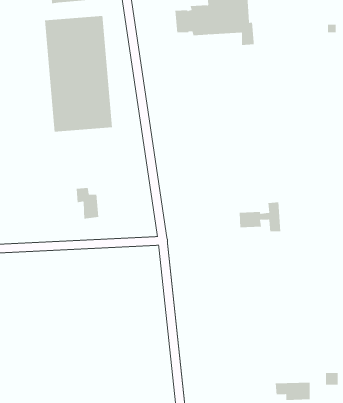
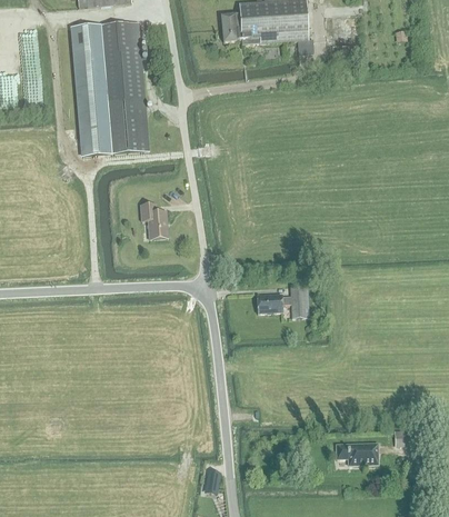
building: [76,187,99,219] -> [140,202,167,239]
building: [239,202,281,232] -> [256,282,305,317]

